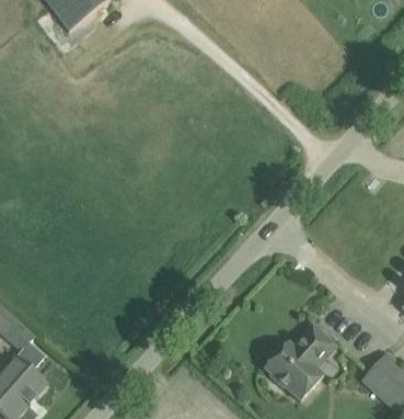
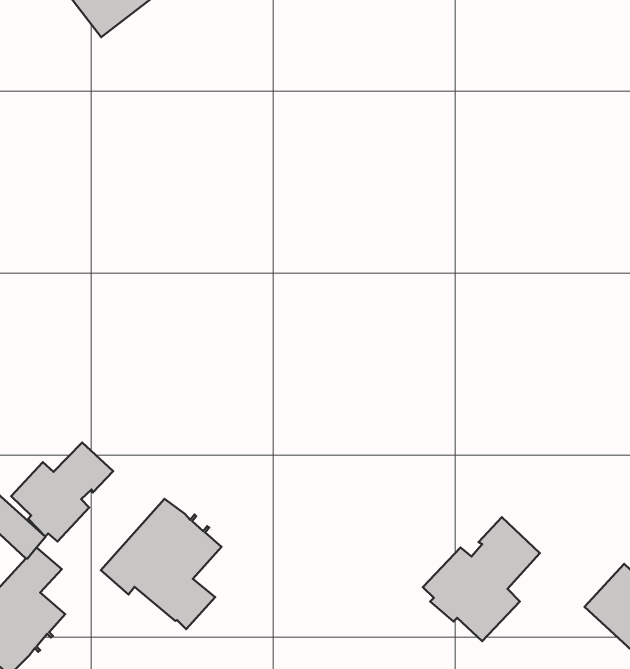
building: none -> [11,443,113,542]
building: none -> [101,499,222,629]

